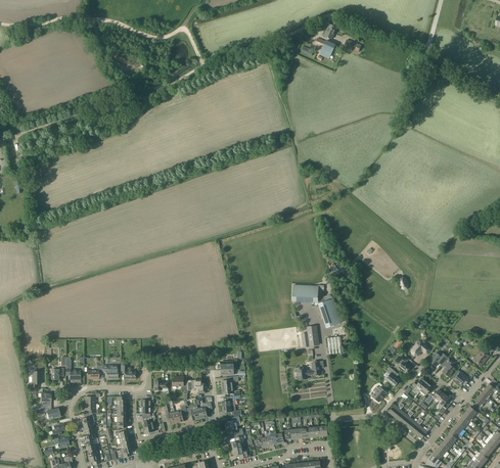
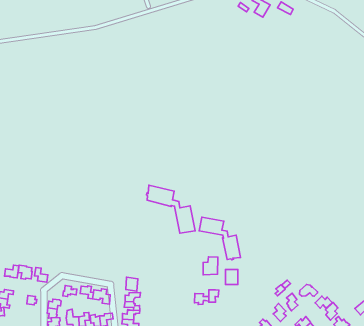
building: none -> [146,185,195,233]

